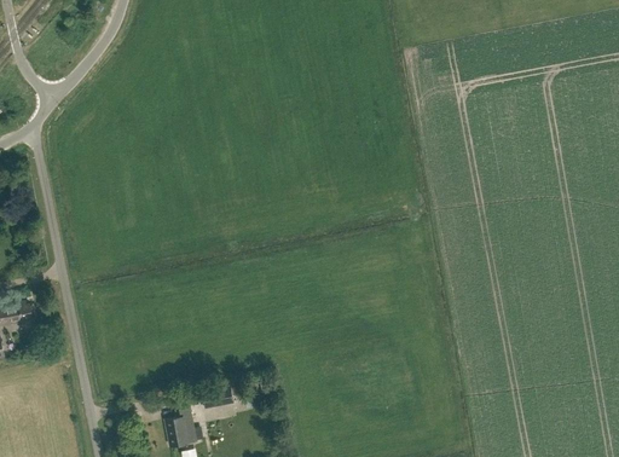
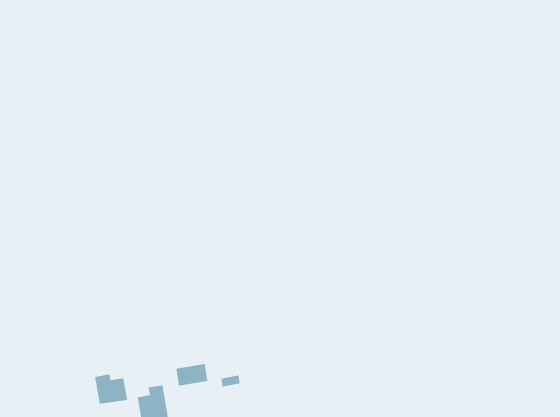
building: none -> [94,374,128,405]

